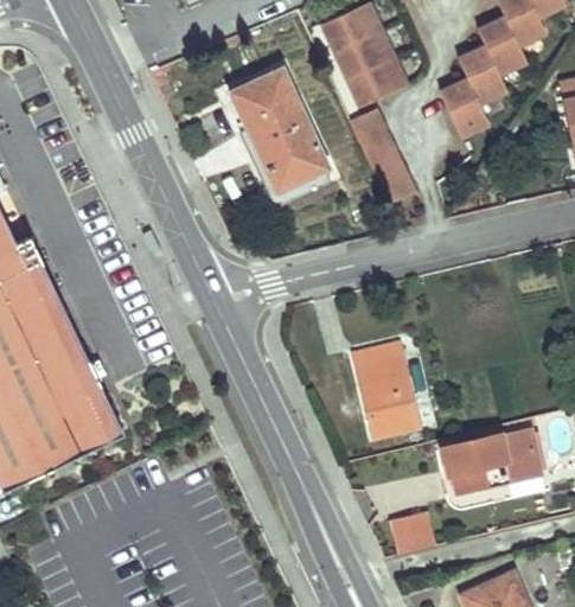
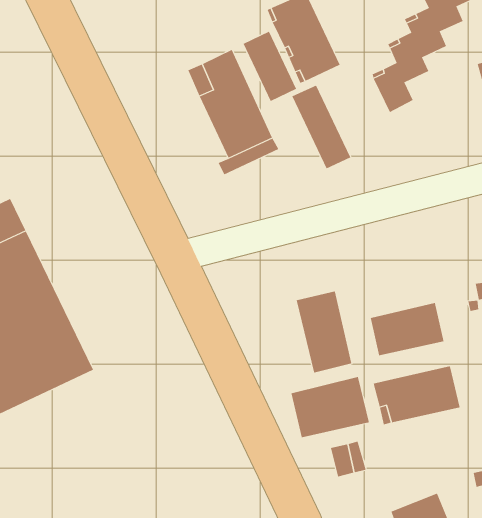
building: none -> [243,31,297,102]
building: none -> [370,302,444,356]
building: none -> [291,376,369,438]

